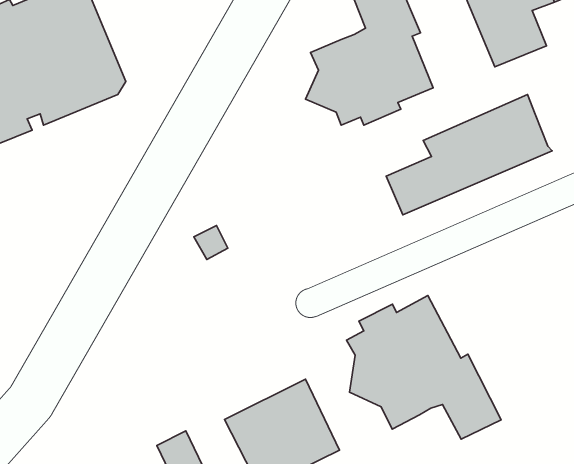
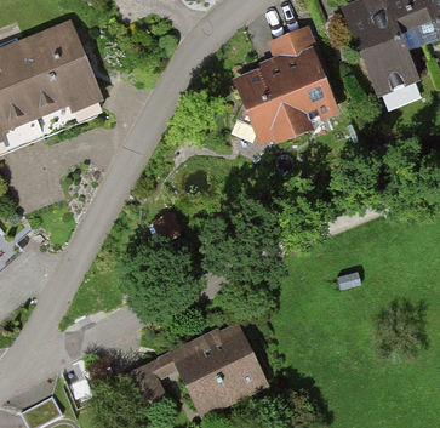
building: [386,94,552,215] -> none
building: [347,296,501,439] -> none

